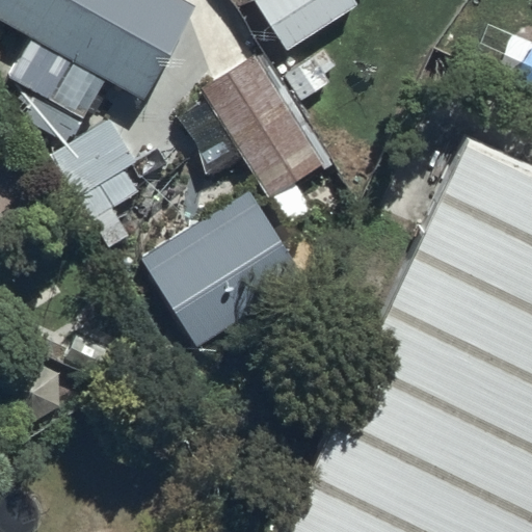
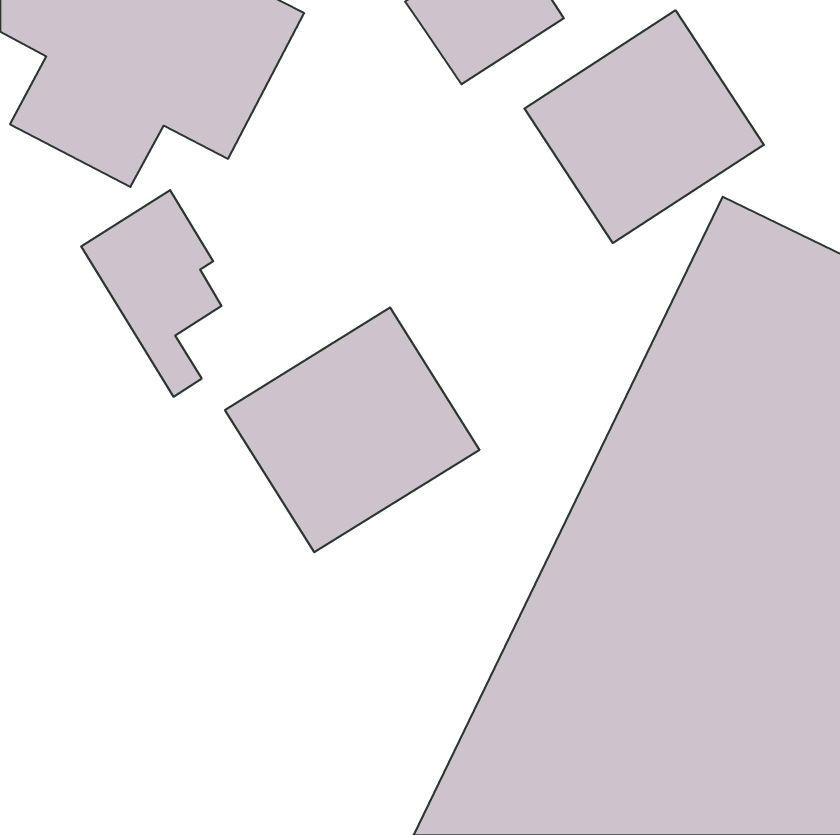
building: none -> [524,10,764,243]
building: [179,56,325,196] -> none

